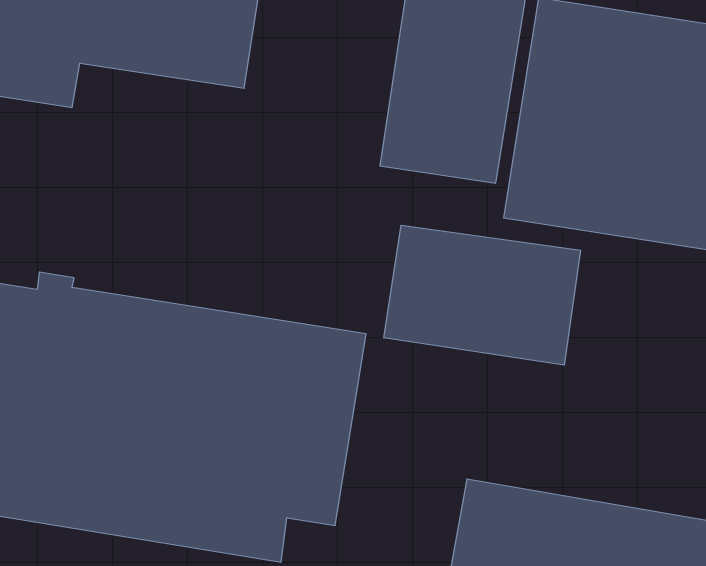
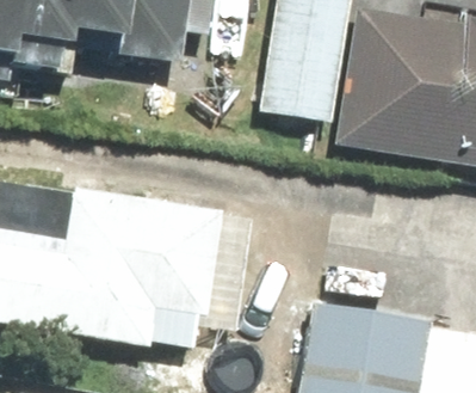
building: [384,225,580,365] -> none

